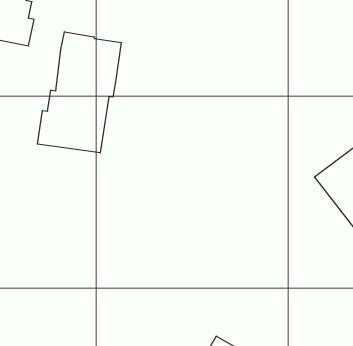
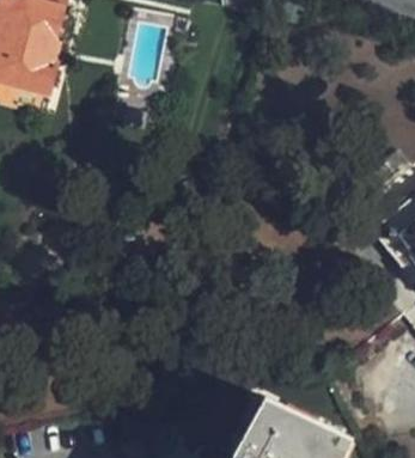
building: [37,32,121,153] -> none

